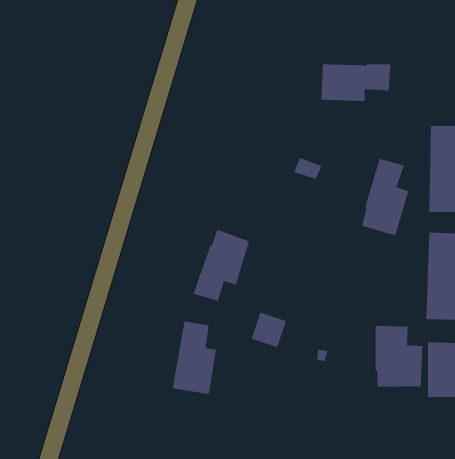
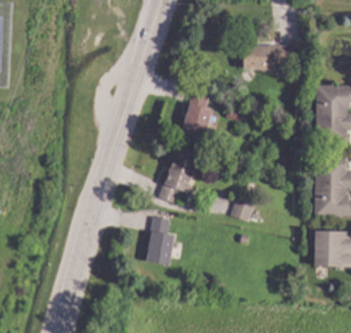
building: [361,158,409,236] -> [181,88,213,140]
building: [251,312,287,348] -> [230,198,254,222]
building: [375,325,423,387] -> none

